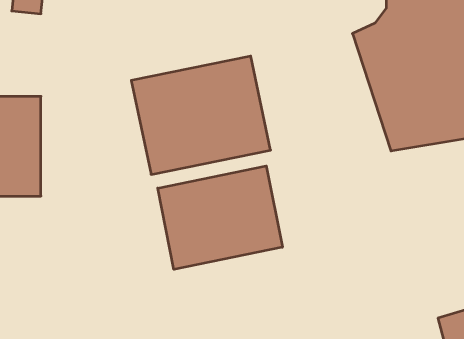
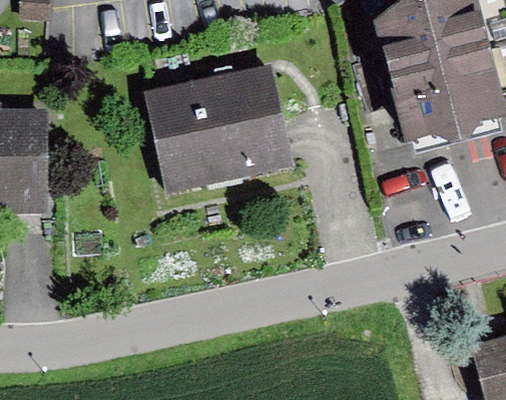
building: [158,166,282,269] -> none

